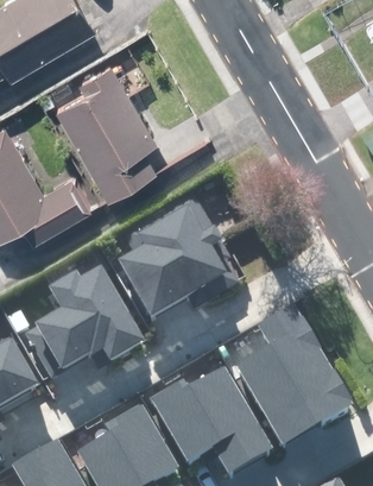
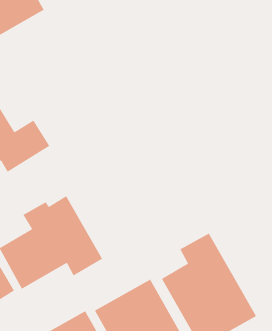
building: [52,62,157,198] -> none
building: [107,207,219,327] -> none

